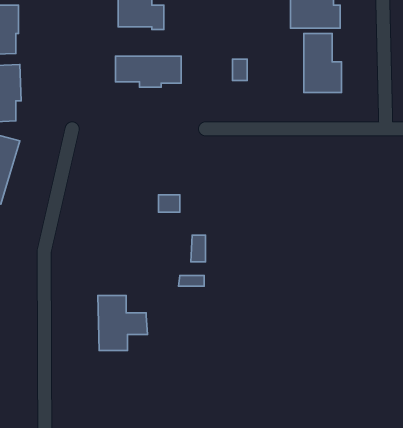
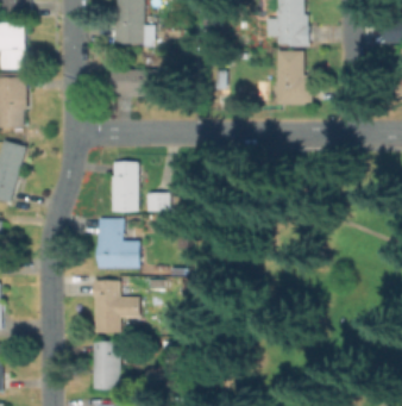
building: none -> [113,162,139,213]
building: none -> [100,221,139,267]
building: none -> [94,343,121,388]

